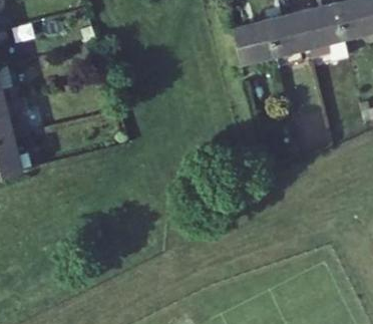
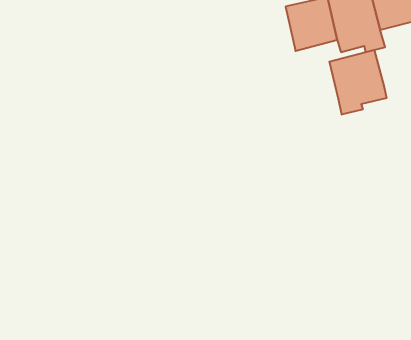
building: [229,20,273,64] -> none
building: none -> [329,50,386,115]

